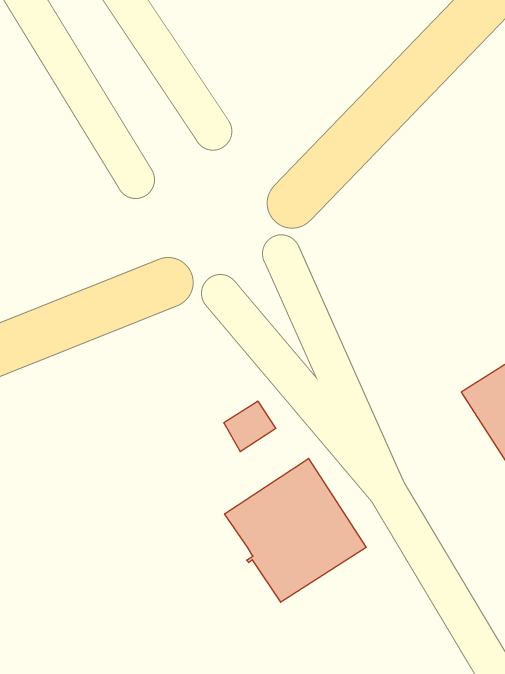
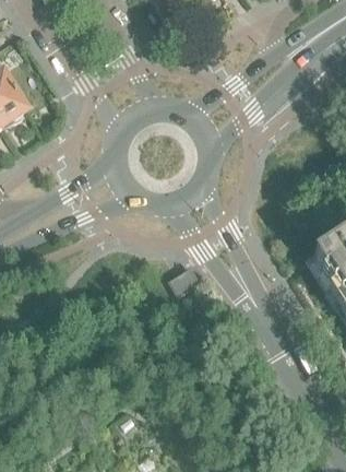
building: [225,458,366,602] -> none

